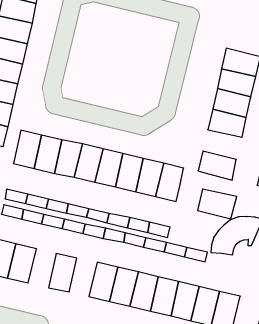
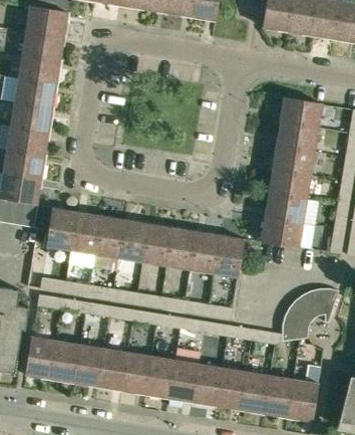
building: [198,189,237,219] -> [264,192,308,224]
building: none -> [72,343,102,387]
building: none -> [120,351,150,394]

